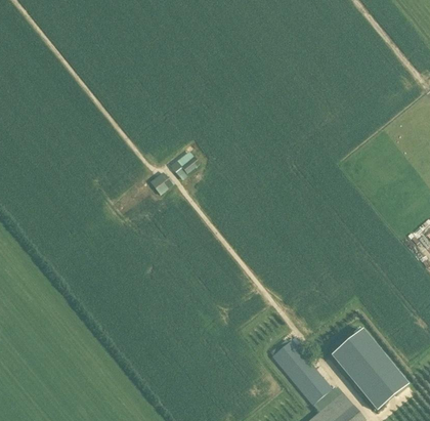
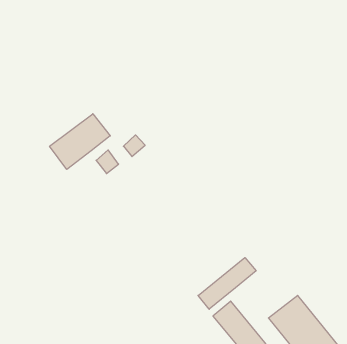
building: none -> [50,114,110,169]
building: none -> [198,258,256,309]

